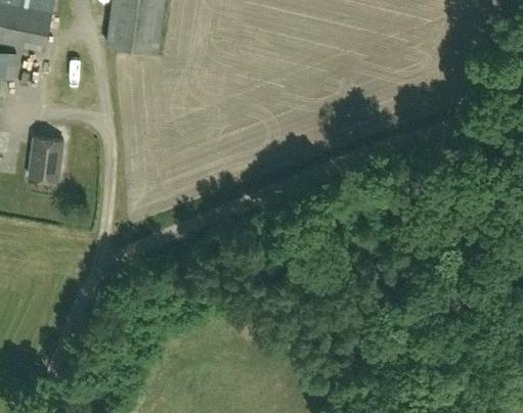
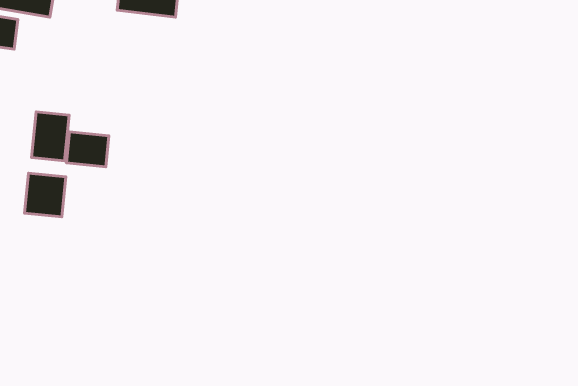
building: none -> [66,132,109,167]
building: none -> [25,173,66,217]

